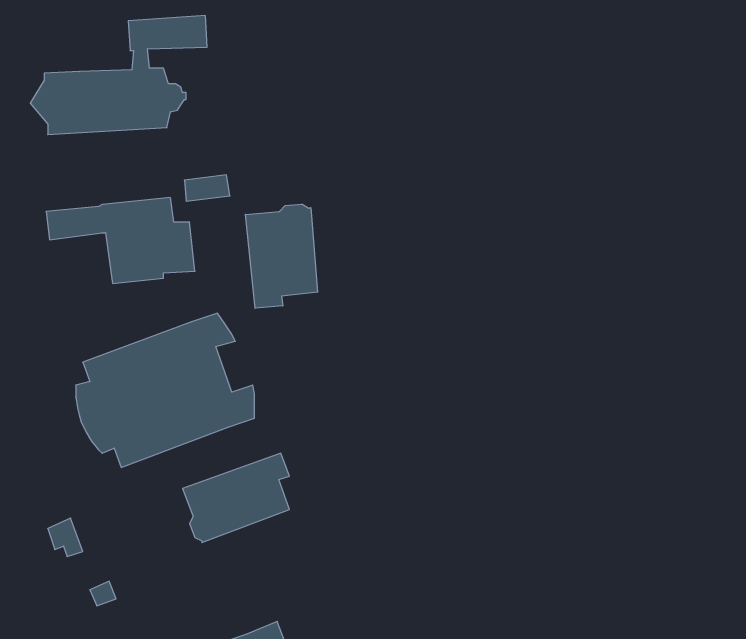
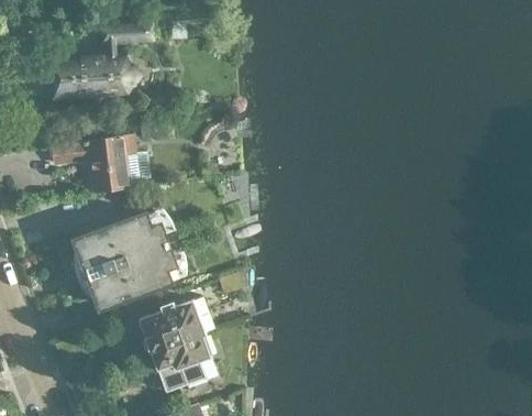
building: [245,204,317,308] -> none
building: none -> [149,332,210,391]

